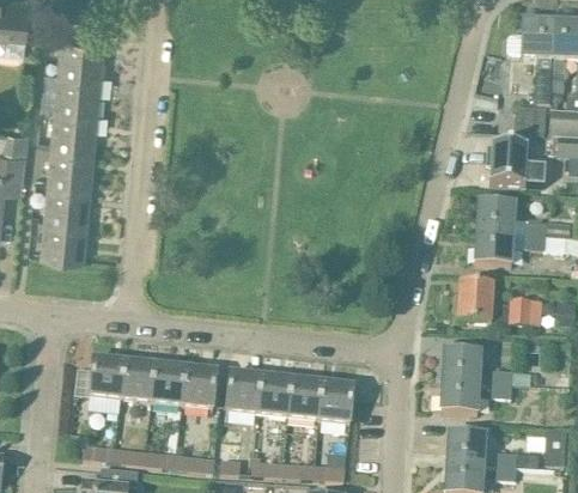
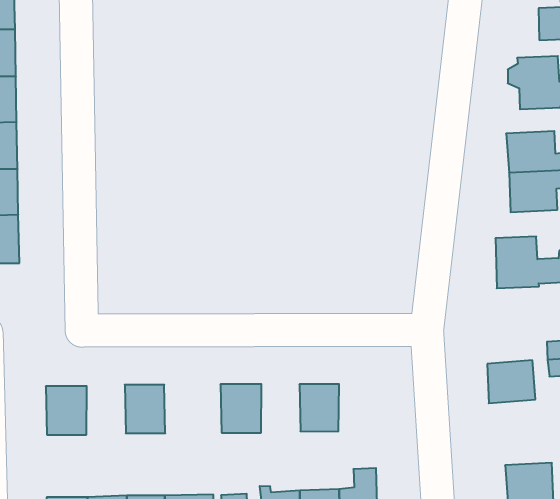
building: [442,348,480,381] -> none
building: [120,360,154,401] -> none
building: [182,366,217,408] -> none
building: [257,375,292,415] -> none
building: [318,382,354,422] -> none
building: [446,430,485,463] -> none

